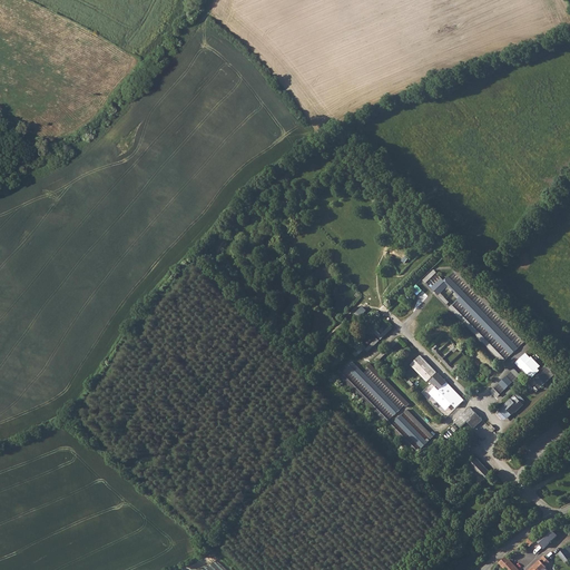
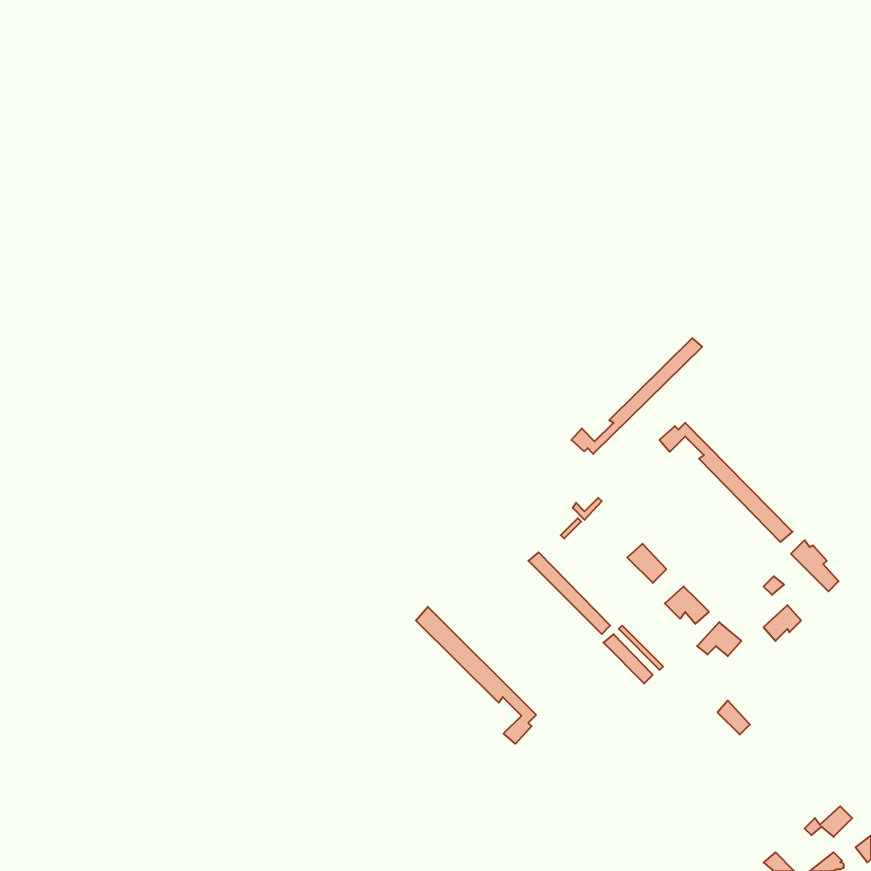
building: none -> [571,338,702,454]
building: none -> [416,607,536,744]

